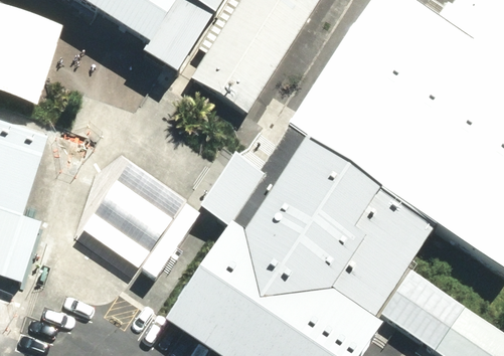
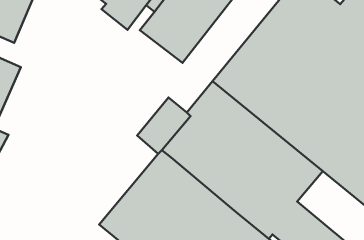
building: [82,161,184,264] -> none

